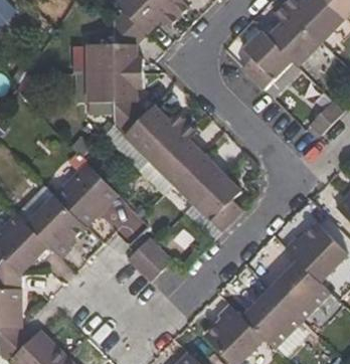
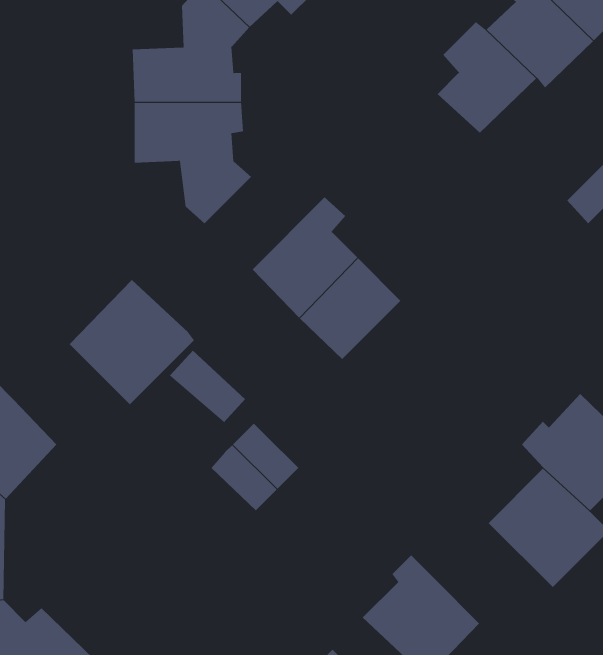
building: [123,105,184,158] -> none
building: [193,174,241,231] -> none
building: [25,196,84,259] -> none
building: [240,288,301,348] -> none

